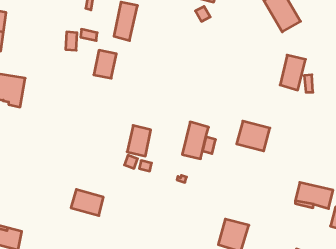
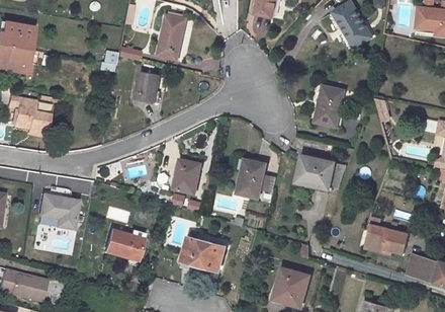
building: [280,55,306,90] -> [317,83,346,124]
building: none -> [41,194,80,229]
building: none -> [183,230,226,268]

